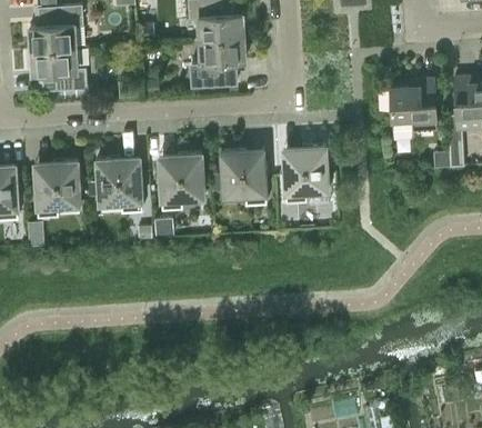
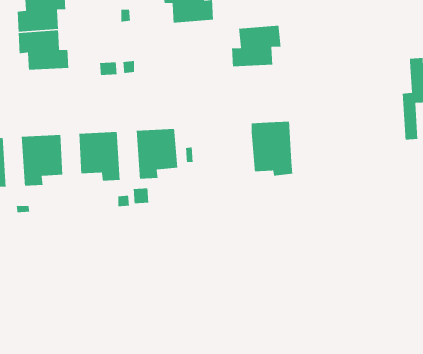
building: [191,37,245,82] -> [231,25,281,67]
building: [381,79,438,130] -> none
building: [221,149,267,205] -> none

